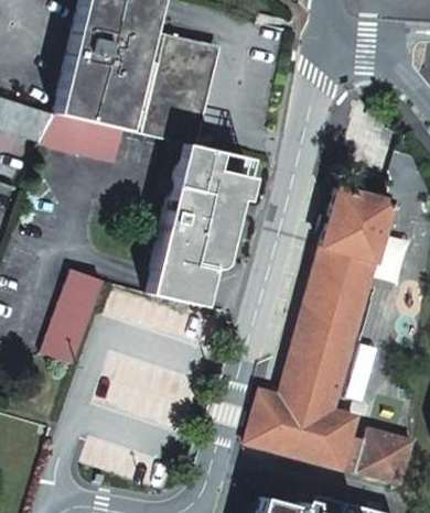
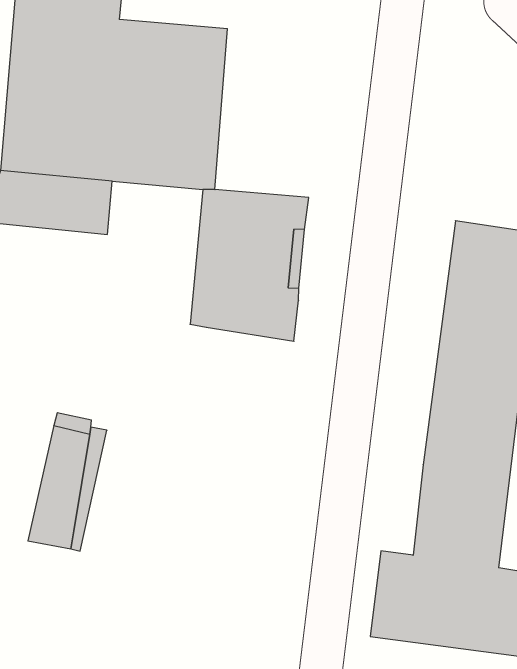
building: [146,228,226,308] -> none

